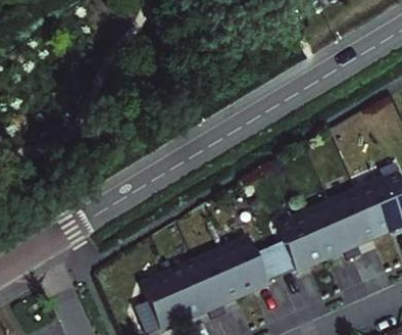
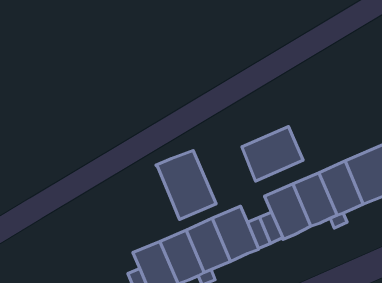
building: none -> [242,127,303,181]
building: none -> [156,151,216,219]

